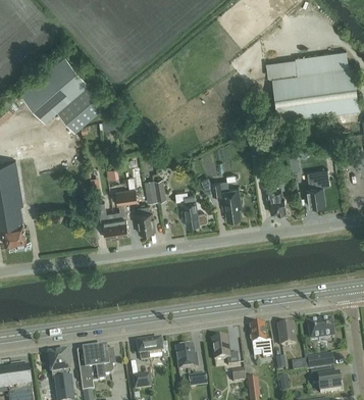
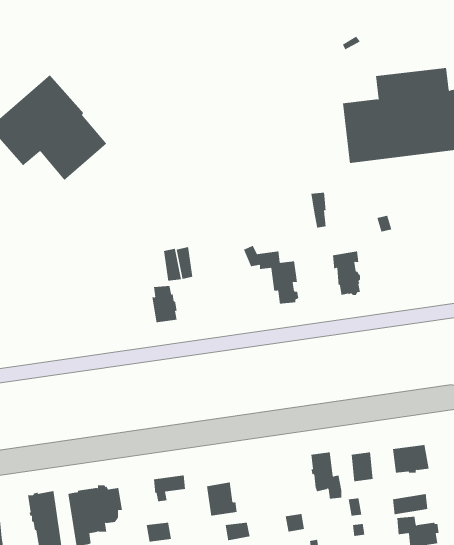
building: [307,168,330,205] -> none
building: [99,188,138,237] -> none
building: [181,195,207,224] -> none
building: [212,338,239,364] -> none

